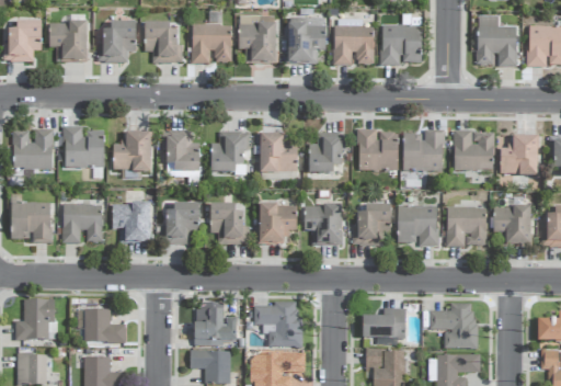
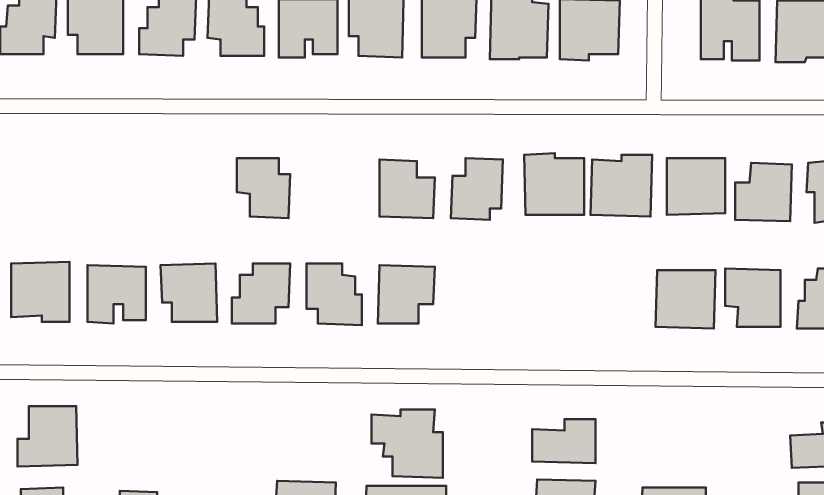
building: [64,126,104,168] -> none
building: [12,129,53,169] -> none
building: [113,132,150,171] -> none
building: [210,132,249,172] -> none
building: [353,204,391,246] -> none
building: [304,205,342,245] -> none
building: [397,205,437,247] -> none
building: [196,303,237,345] -> none
building: [428,303,476,348] -> none
building: [84,309,126,342] -> none

